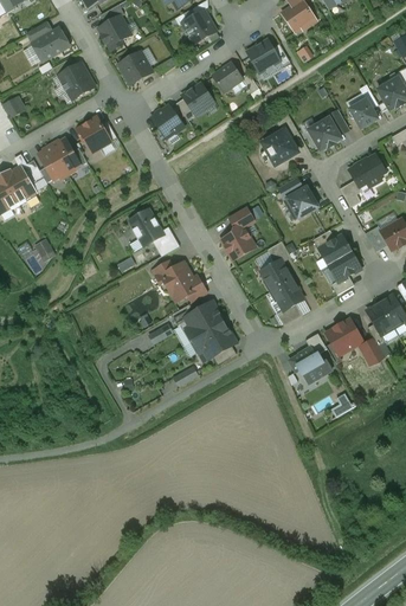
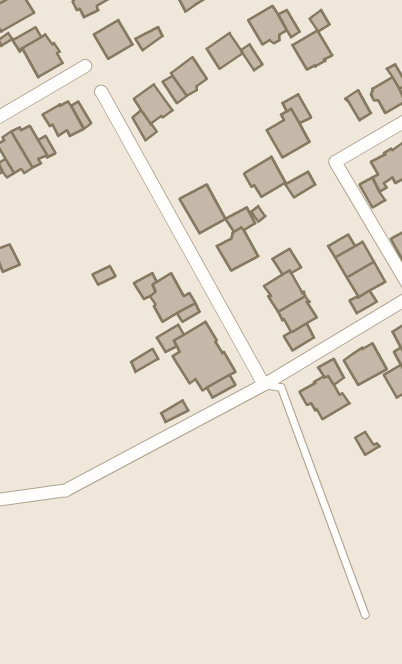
building: [308,117,341,150] -> [292,29,332,69]
building: [283,186,317,219] -> [244,157,286,197]
building: [125,207,163,247] -> [180,185,225,233]

